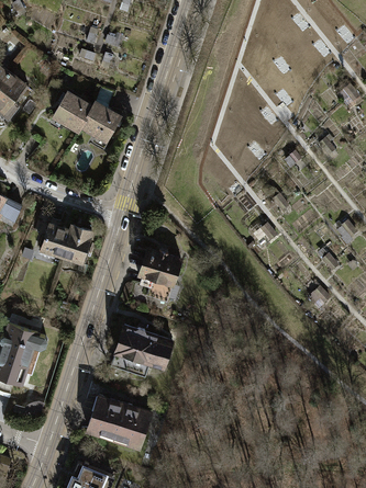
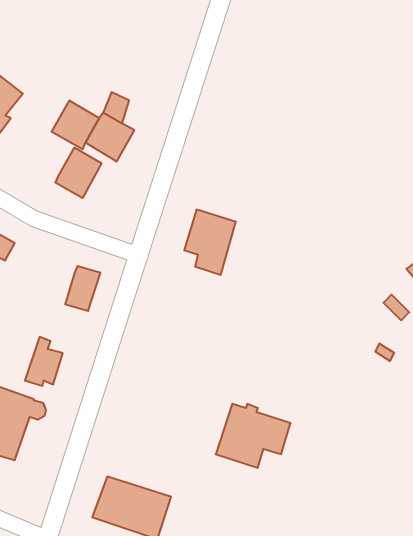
building: none -> [55,148,101,198]
building: [40,219,70,259] -> [25,337,63,386]
building: [138,250,180,303] -> [184,210,236,275]
building: [112,327,173,378] -> [216,404,291,468]

